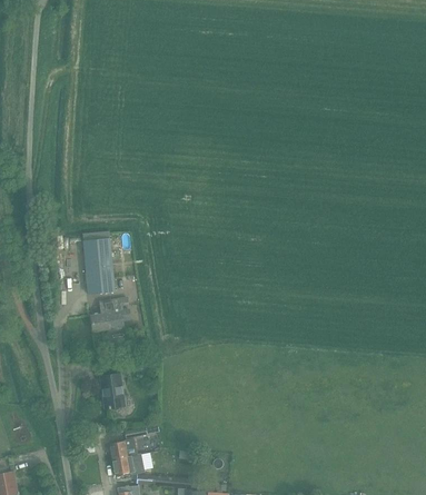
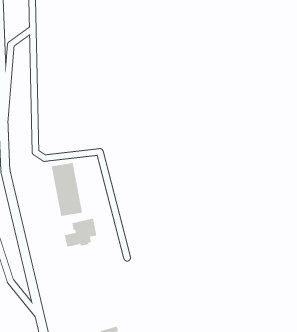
building: [99,375,123,410] -> none

